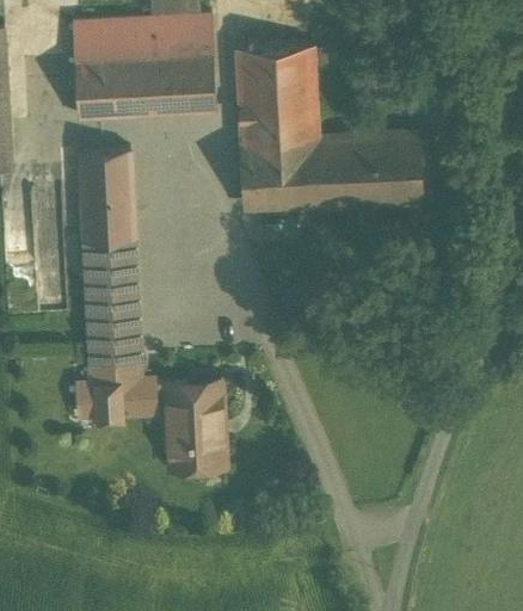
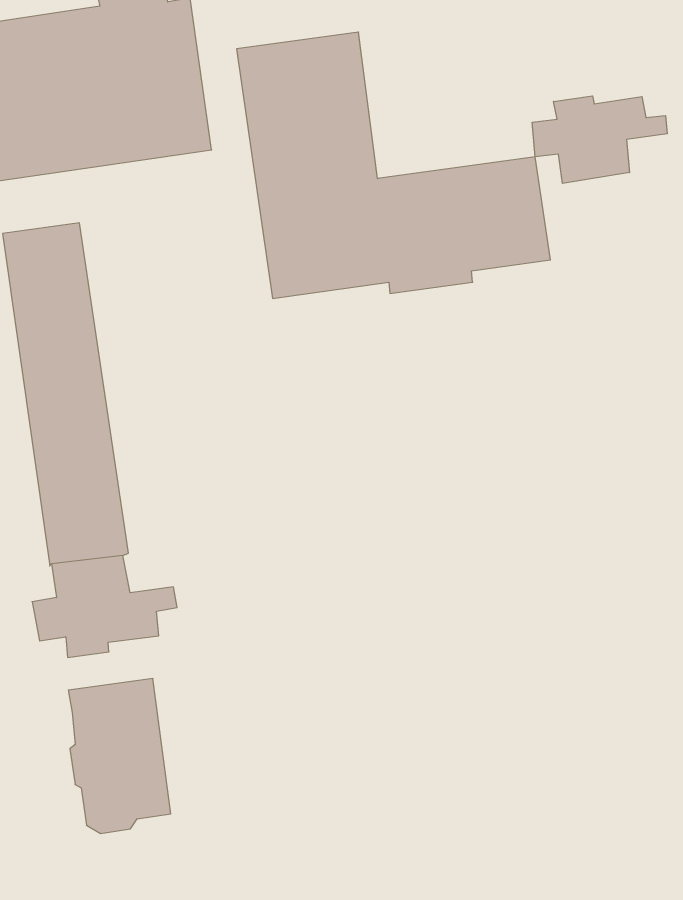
building: none -> [532,96,667,183]
building: [164,381,223,475] -> [68,679,171,833]

